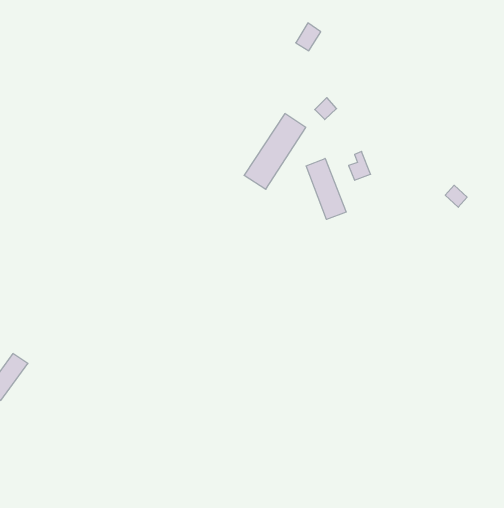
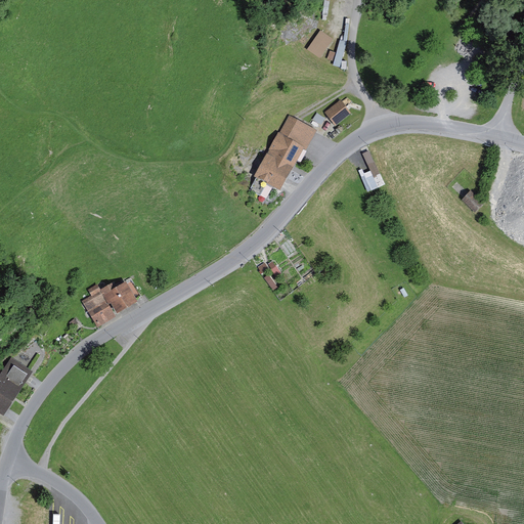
building: [306,158,346,219] -> none
building: none -> [83,279,135,324]

